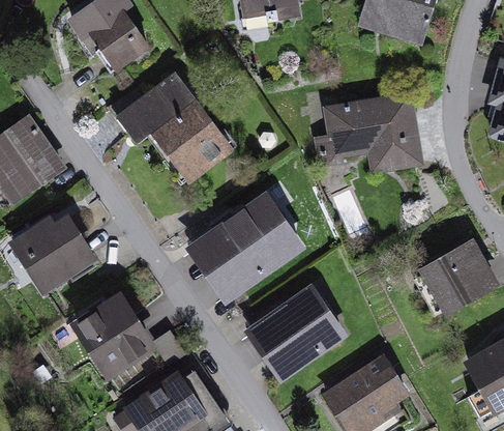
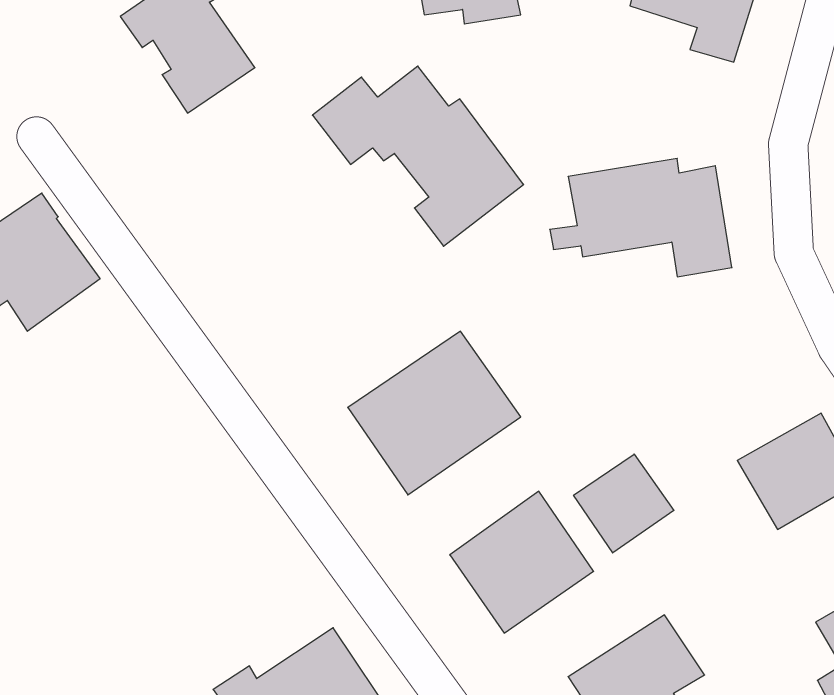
building: [107,81,227,183] -> [312,66,524,246]
building: [13,219,88,289] -> none
building: none -> [574,454,674,553]
building: [75,300,146,372] -> none

